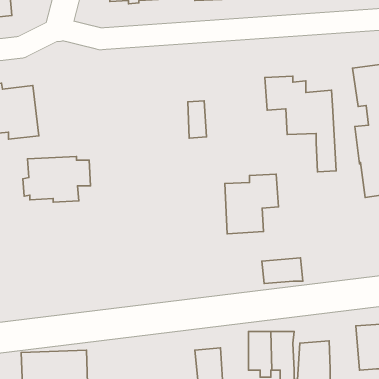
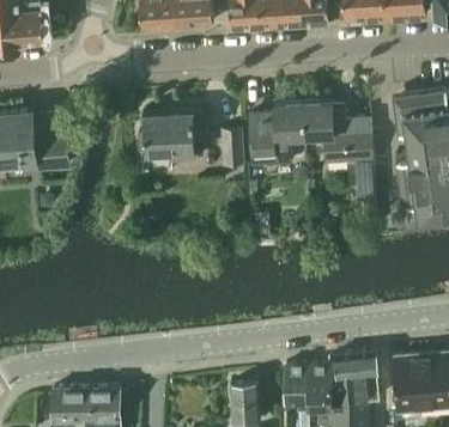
building: [23,157,90,202] -> [138,110,207,157]
building: [225,174,279,234] -> [249,104,304,165]
building: [262,258,303,283] -> [335,350,377,377]

